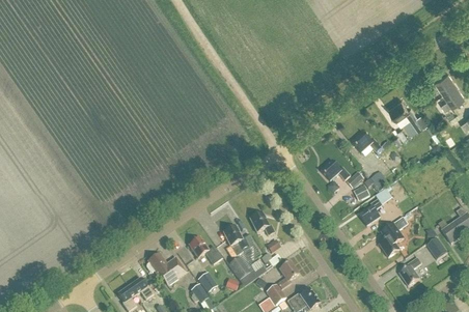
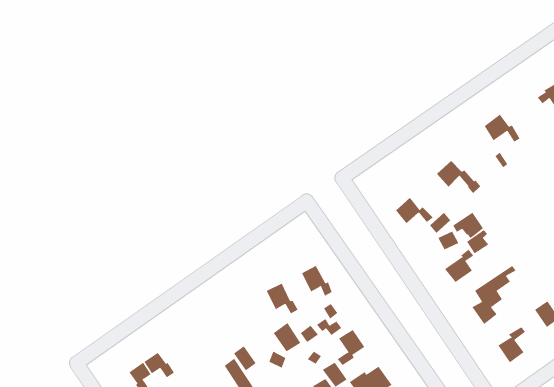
building: [189,236,222,264] -> none
building: [149,254,186,284] -> none

